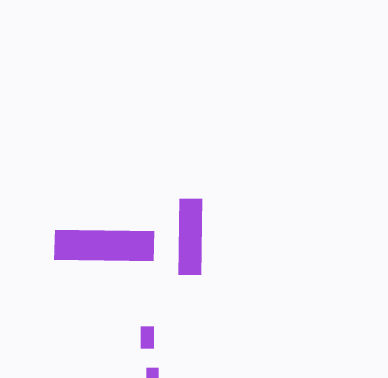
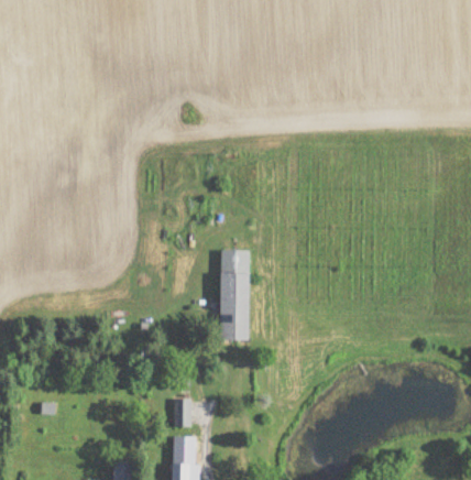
building: [54,229,155,262] -> none

